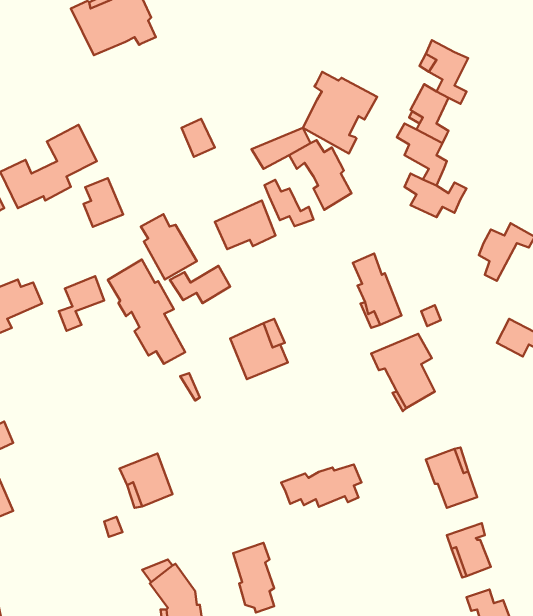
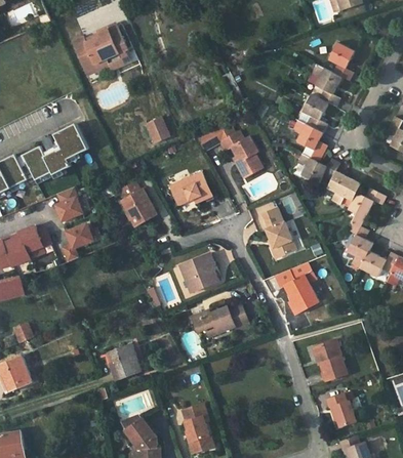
building: none -> [327,42,353,80]
building: [303,72,377,153] -> none
building: [84,178,123,227] -> [57,188,84,220]
building: [264,180,314,226] -> none
building: none -> [327,171,360,205]
building: [108,259,185,364] -> none
building: [170,266,230,303] -> none
building: none -> [347,222,372,268]
building: [281,464,361,507] -> [192,304,246,333]

